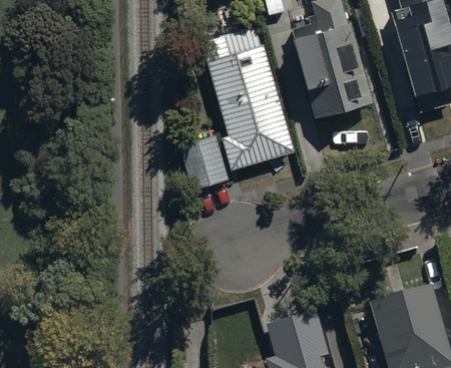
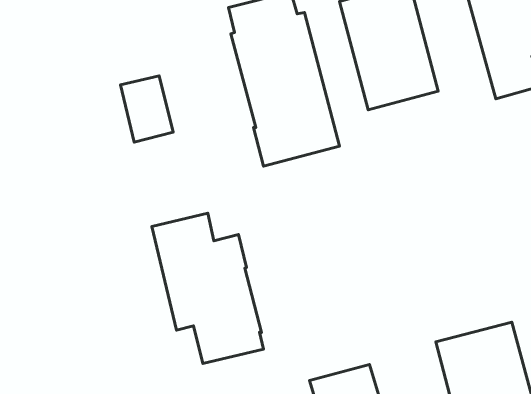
building: [184,131,227,185] -> [121,76,173,142]
building: none -> [152,213,264,363]

